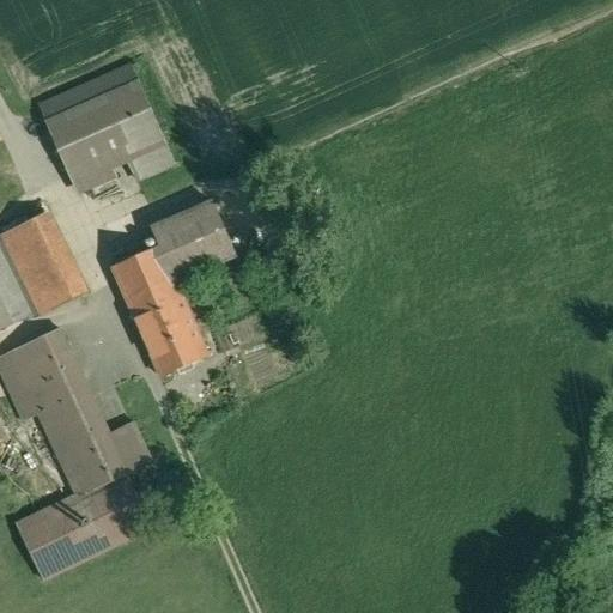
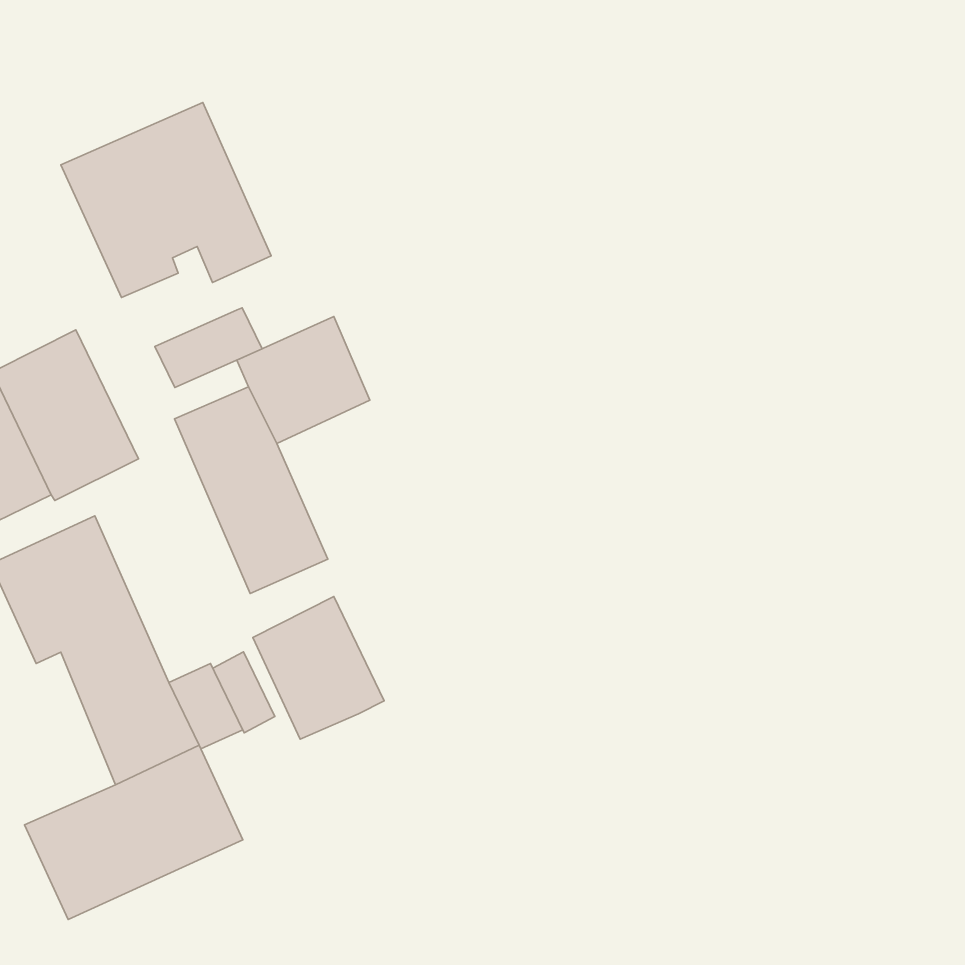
building: none -> [155,308,262,388]
building: none -> [253,597,384,739]
building: none -> [213,652,275,733]

